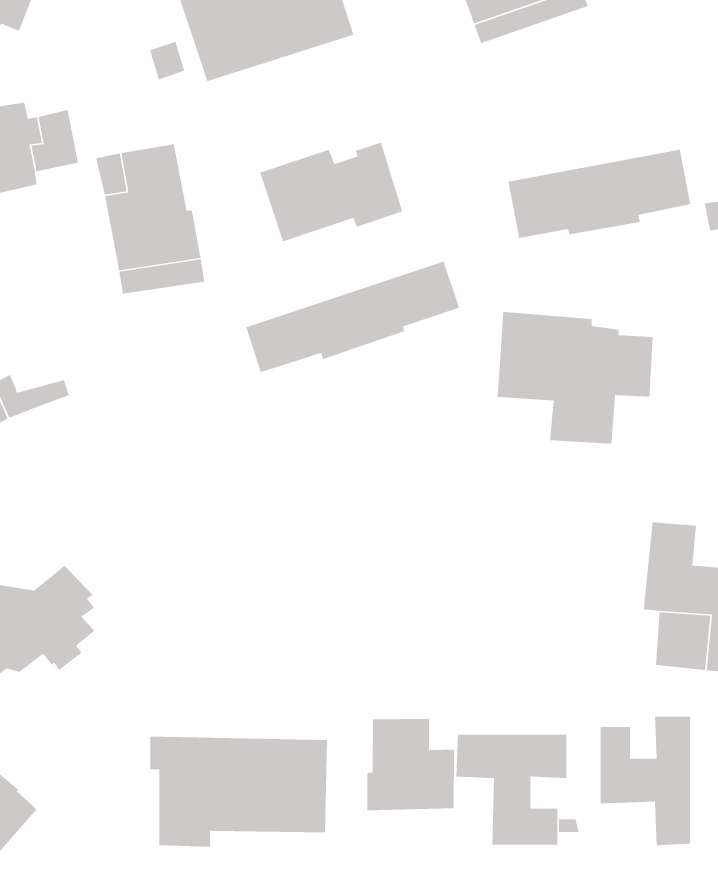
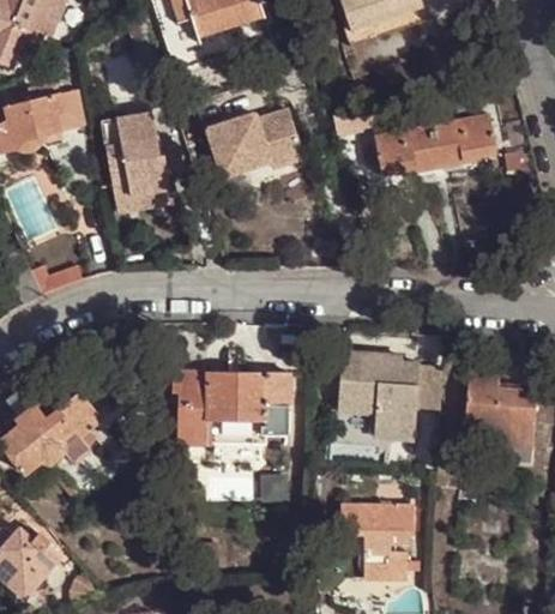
building: [245,260,460,373] -> none
building: [497,311,654,444] -> [338,350,442,439]
building: [600,716,691,846] -> none
building: [366,718,455,811] -> none
building: [149,736,328,848] -> [171,369,290,444]

